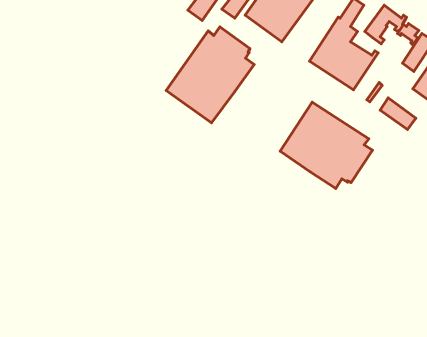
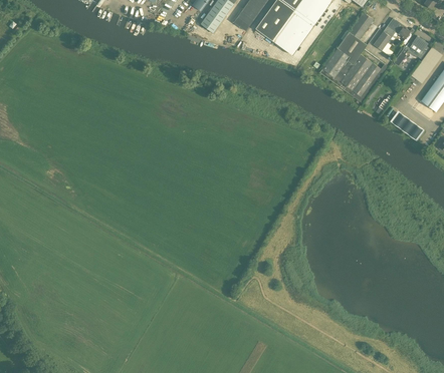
building: [166,27,254,123] -> none
building: [280,102,373,188] -> none

